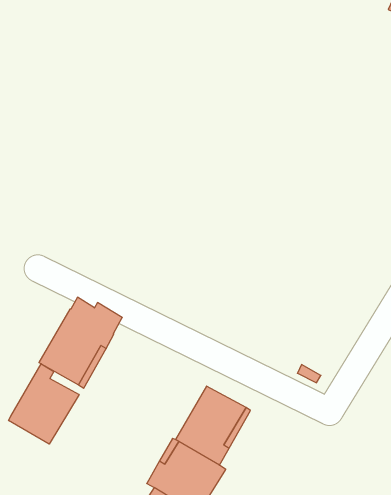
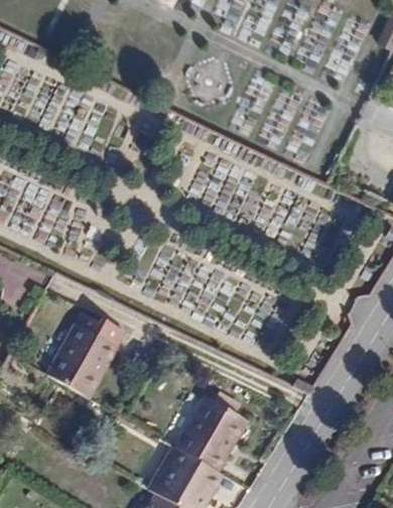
building: [9,364,79,444] -> none

